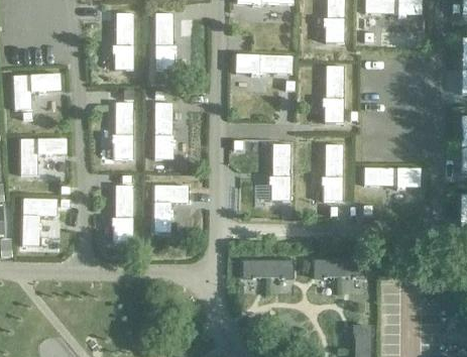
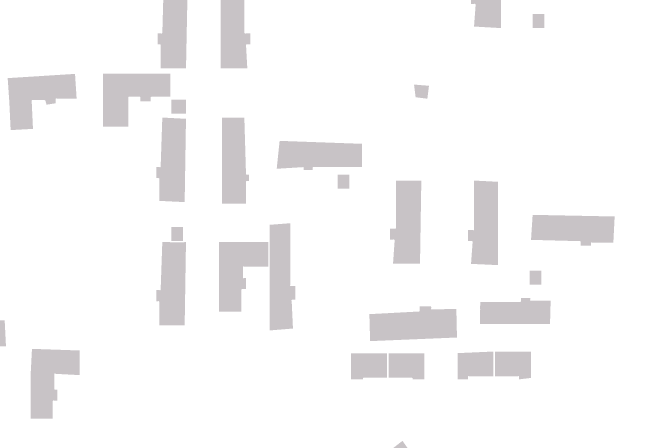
building: [234,54,293,75] -> [276,140,363,171]
building: [322,67,343,123] -> none
building: [18,139,65,175] -> [102,73,171,127]
building: none -> [269,222,296,331]
building: [21,199,55,246] -> [30,348,81,419]
building: none -> [479,297,551,325]
building: none -> [369,305,458,342]

